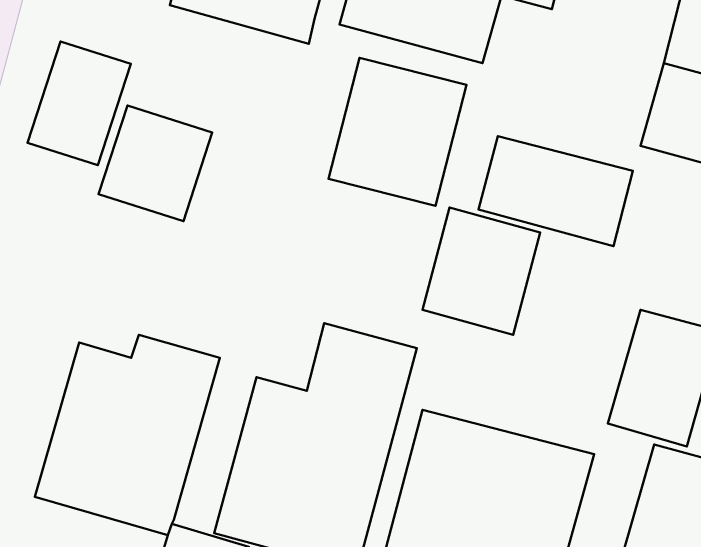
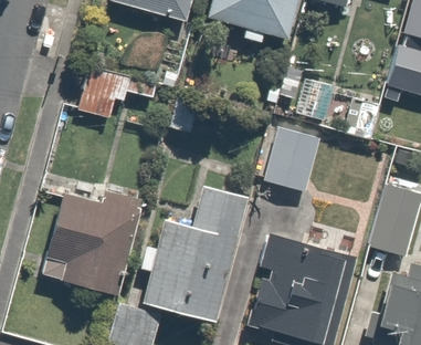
building: [28,42,131,165] -> none
building: [328,58,467,206] -> none

